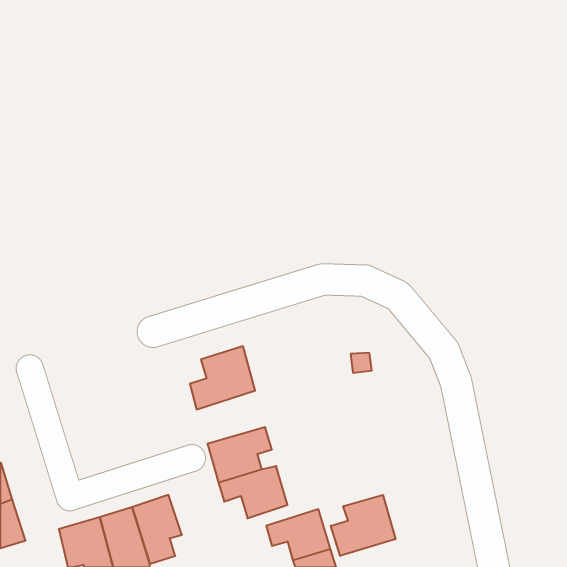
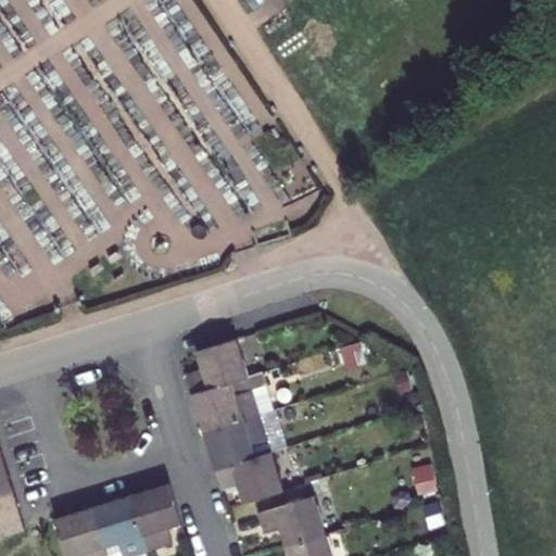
building: none -> [192,377,268,434]
building: [331,495,396,556] -> none

